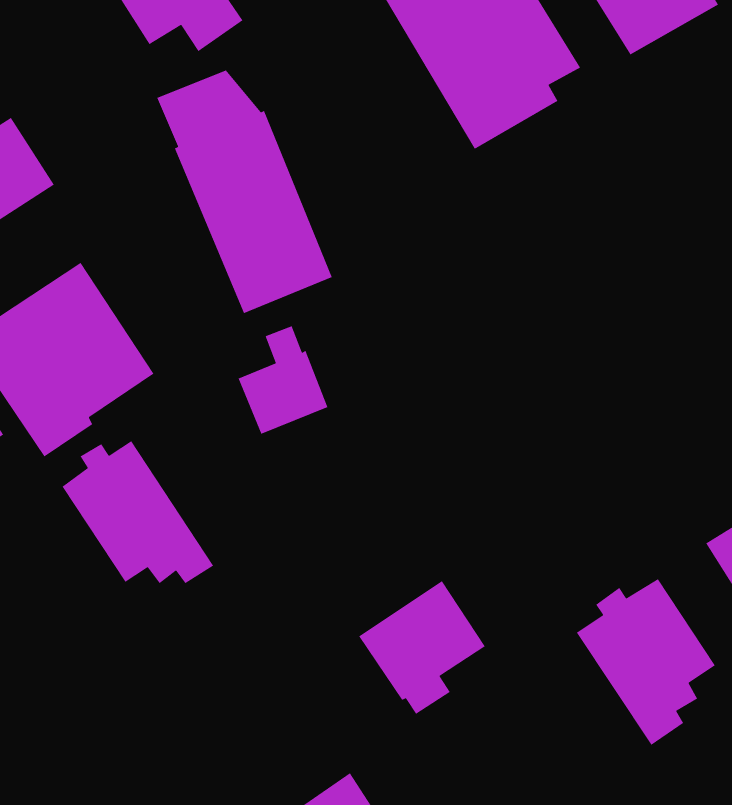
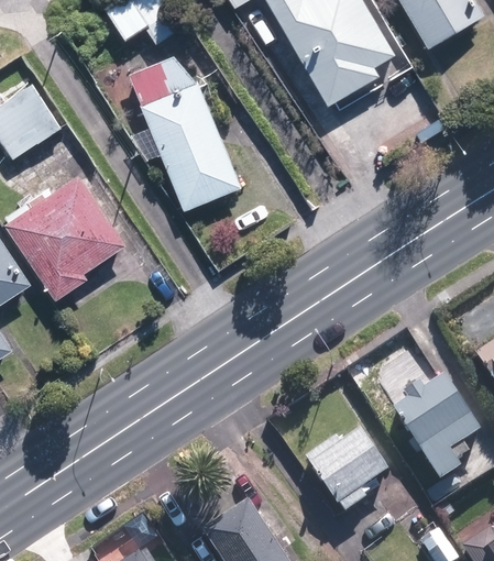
building: [237,325,328,435] -> none
building: [62,440,214,584] -> none
building: [358,580,486,715] -> [308,427,388,512]

